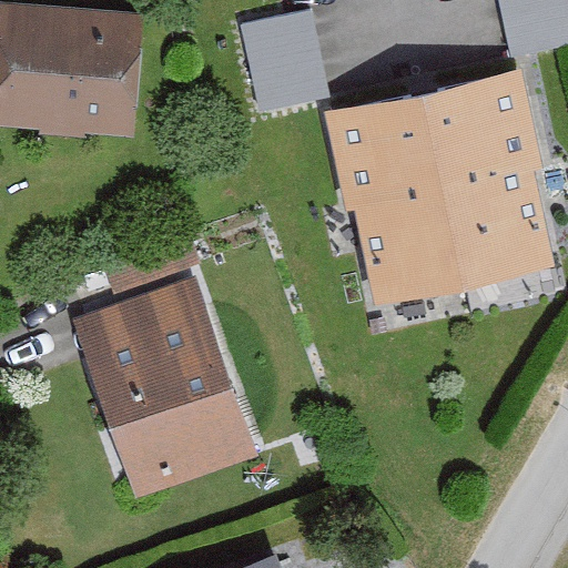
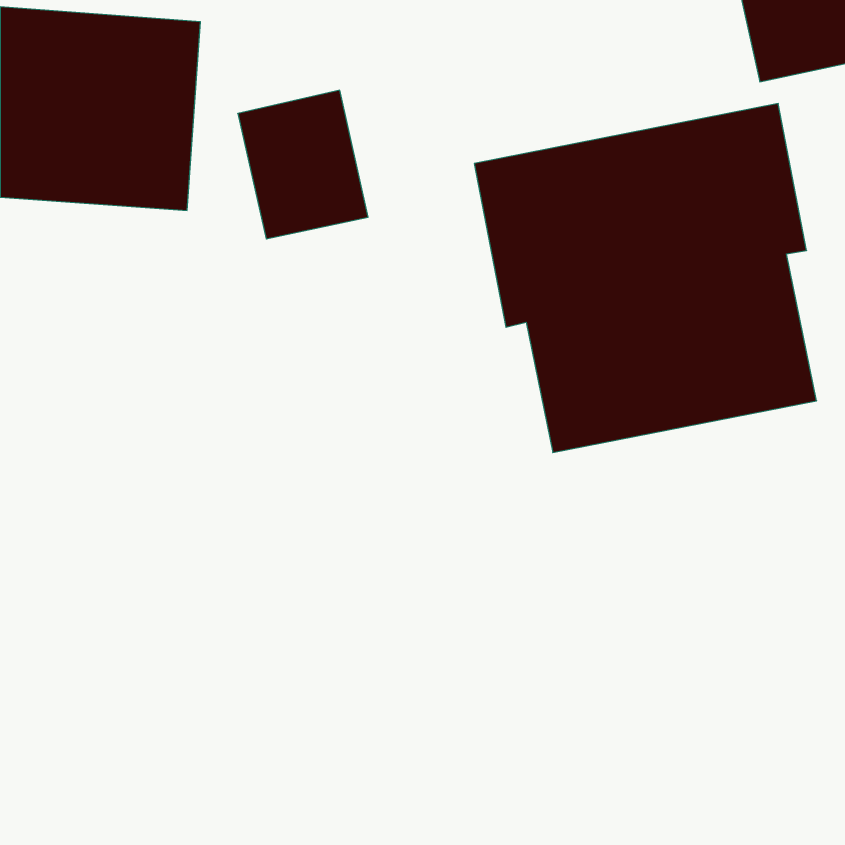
building: [243,12,329,111] -> [238,90,368,239]
building: [74,277,257,495] -> none

